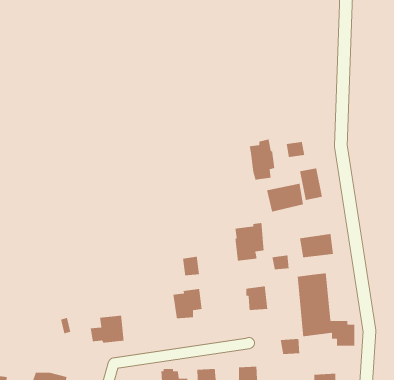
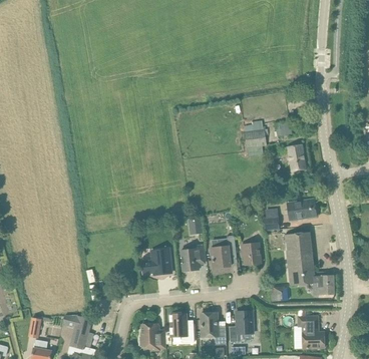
building: [266,183,304,212] -> none
building: [235,222,264,262] -> [212,235,237,268]
building: [90,315,124,343] -> [143,249,172,273]

